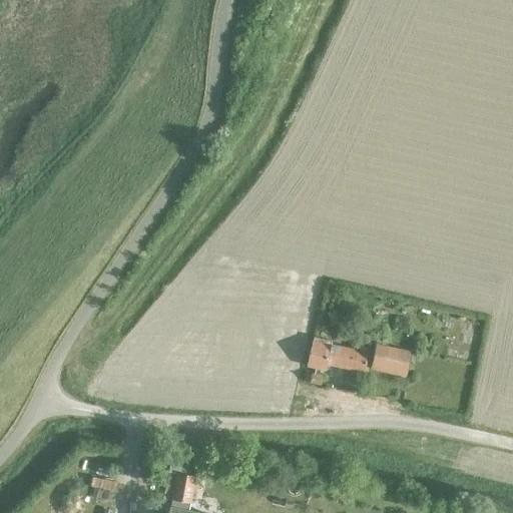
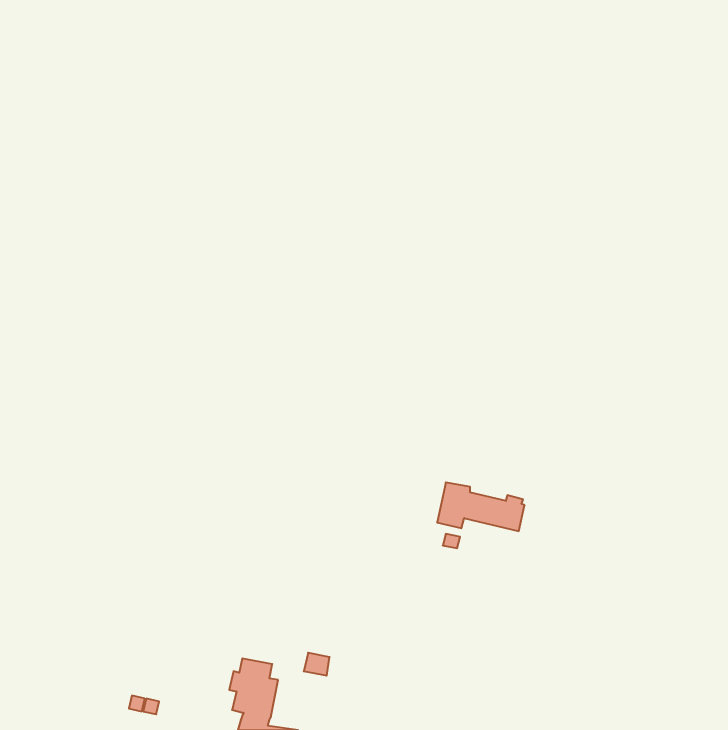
building: [373,345,412,377] -> none

